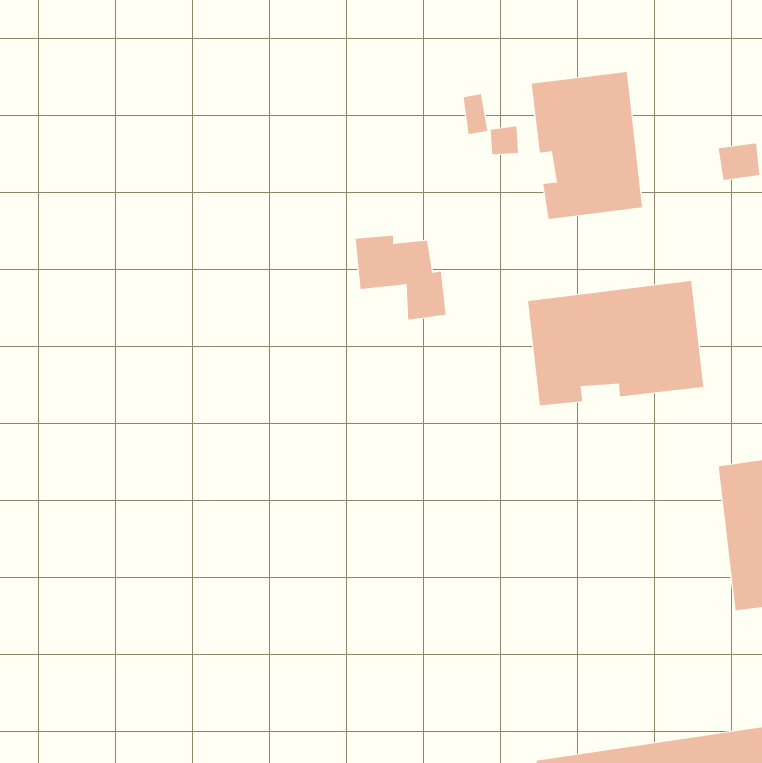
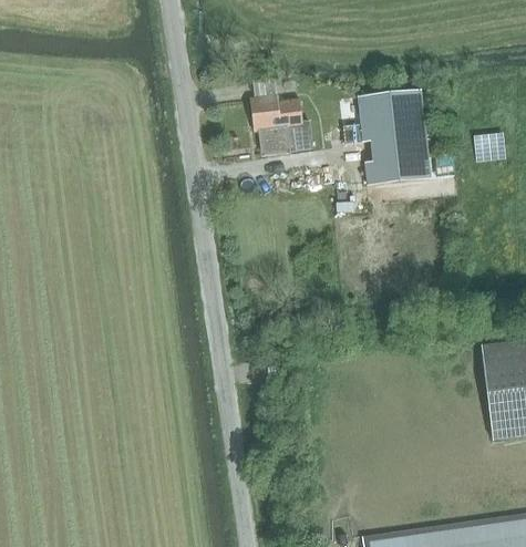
building: [355,235,447,320] -> [251,99,311,154]
building: [528,280,704,406] -> none

